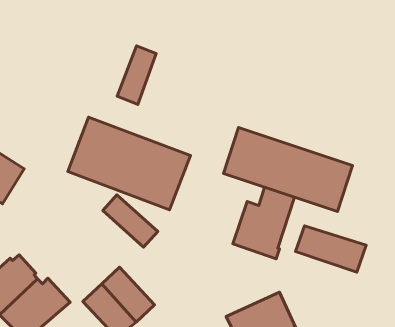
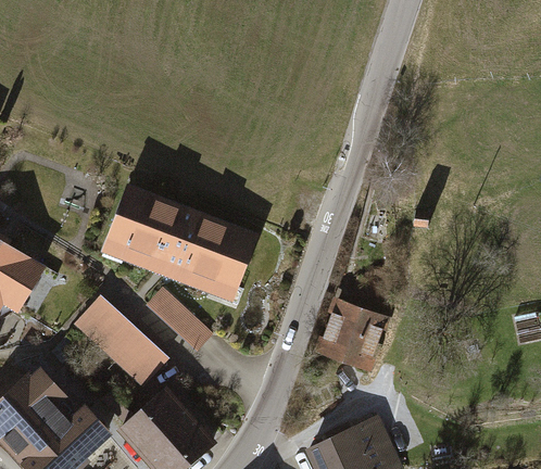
building: [117,46,156,104] -> none
building: [224,128,352,212] -> none
building: none -> [71,290,166,382]
building: [296,226,366,272] -> none

